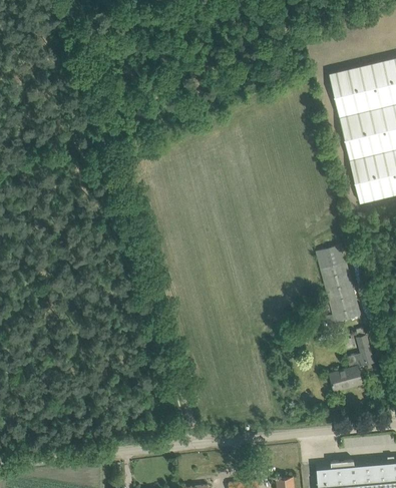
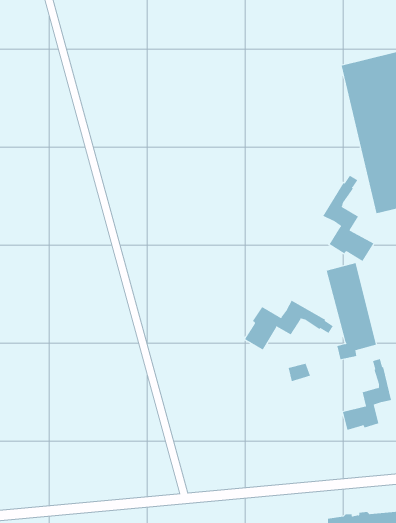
building: none -> [323,175,374,262]
building: none -> [244,300,334,350]

